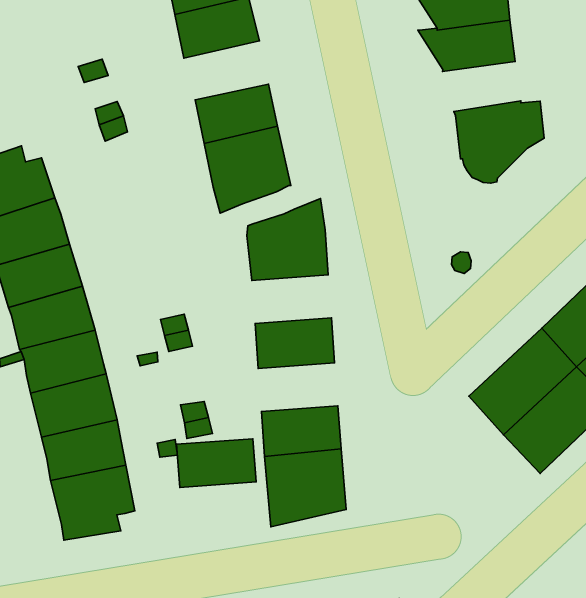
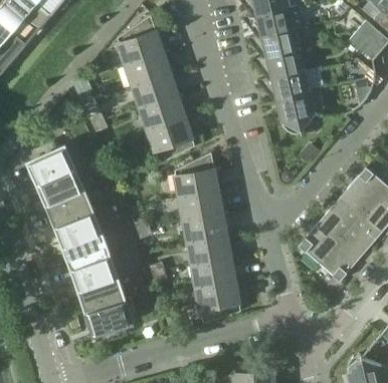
building: none -> [133,73,178,107]
building: none -> [257,70,310,102]
building: none -> [180,190,223,220]
building: [177,439,256,487] -> [188,236,231,265]

